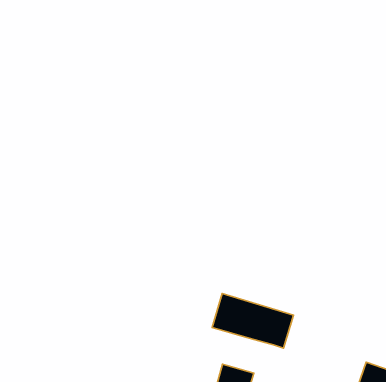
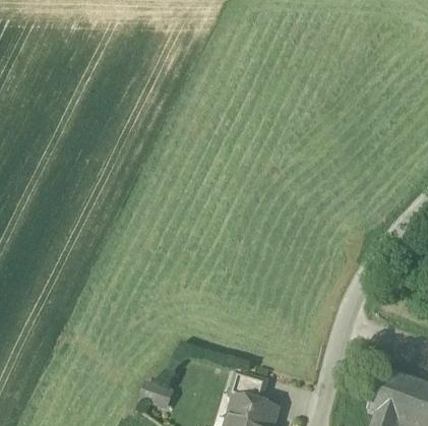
building: [212,293,294,348] -> none

